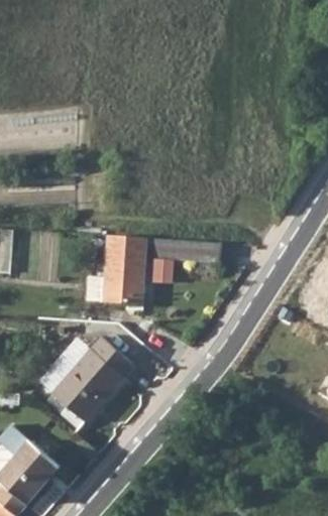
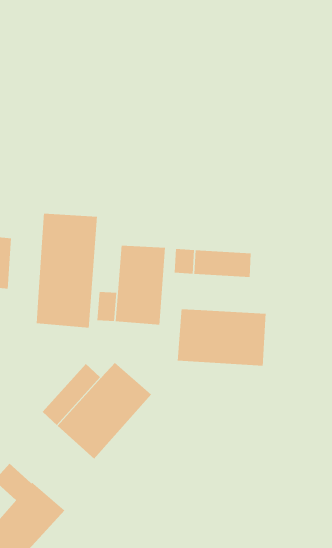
building: none -> [36,213,97,328]
building: none -> [177,309,266,366]

